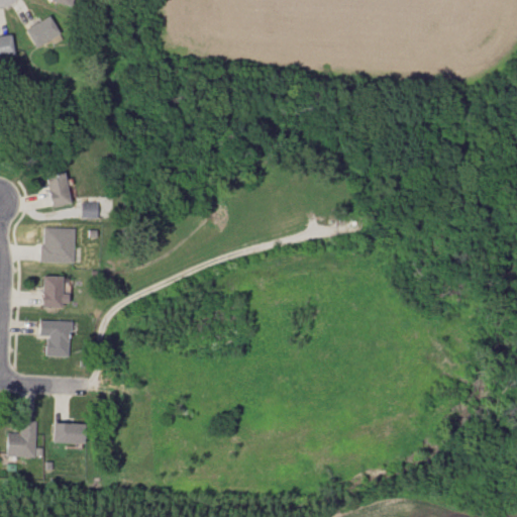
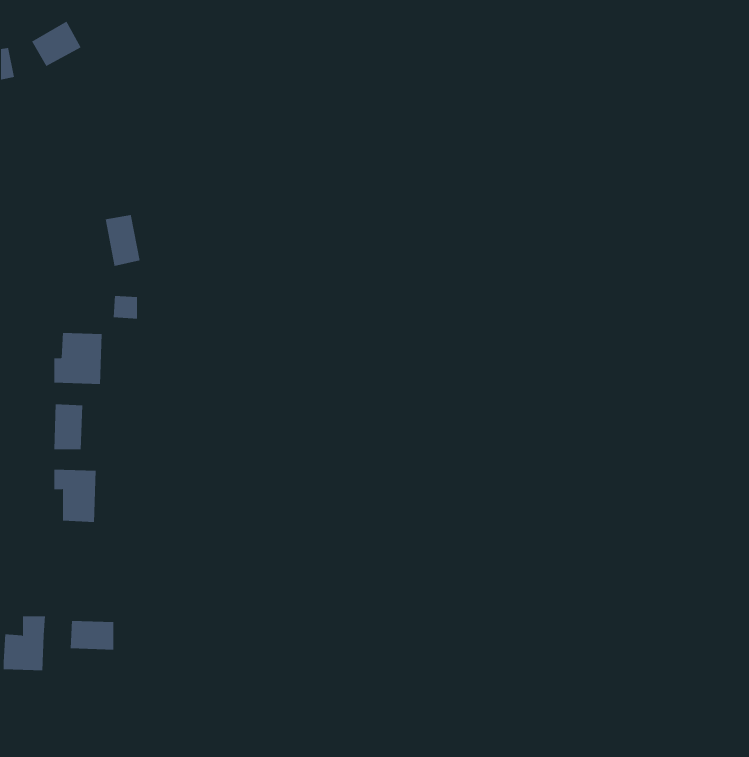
building: [46,172,71,207] -> [105,215,140,267]

